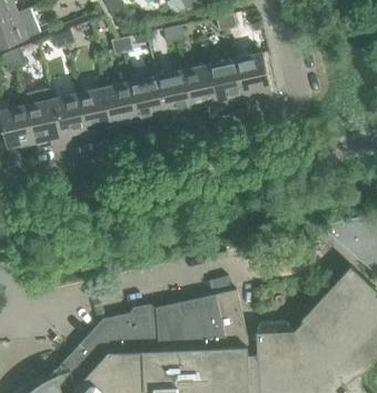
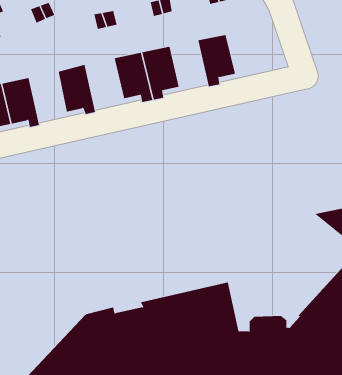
building: [234,52,270,99] -> none
building: [181,64,217,110] -> none
building: [102,81,138,131] -> none
building: [50,93,85,143] -> none

